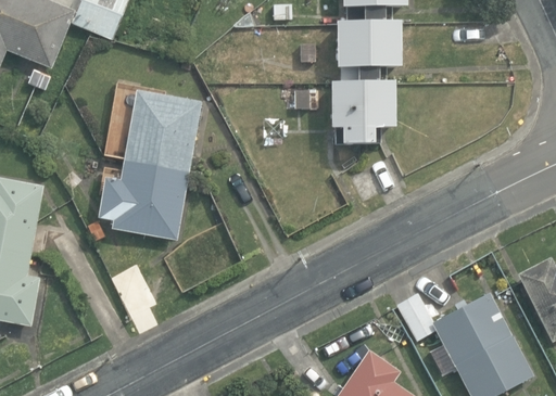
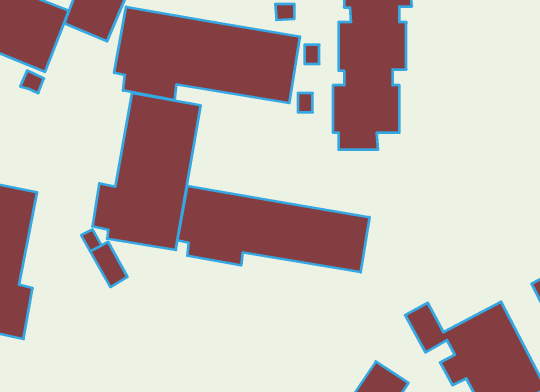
building: none -> [114,7,300,103]
building: none -> [178,186,369,272]

